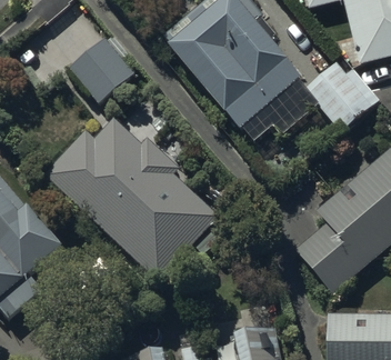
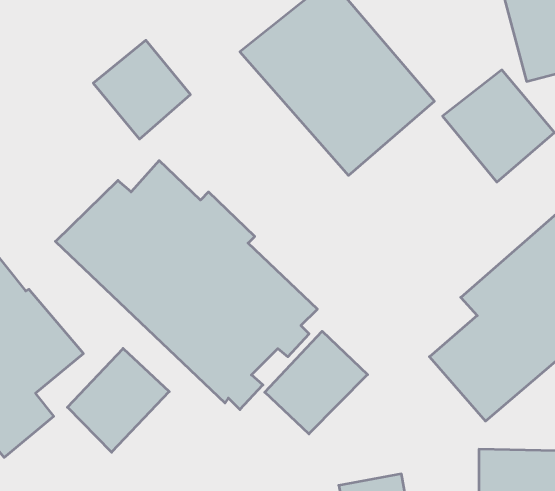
building: none -> [265,331,368,434]
building: none -> [67,348,169,452]

